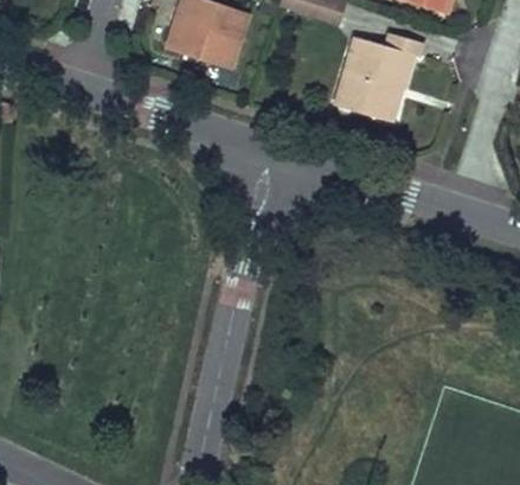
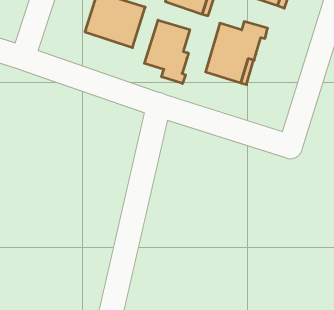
building: none -> [144,20,190,84]

